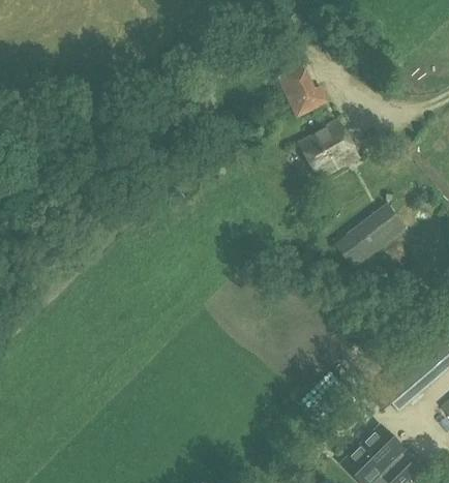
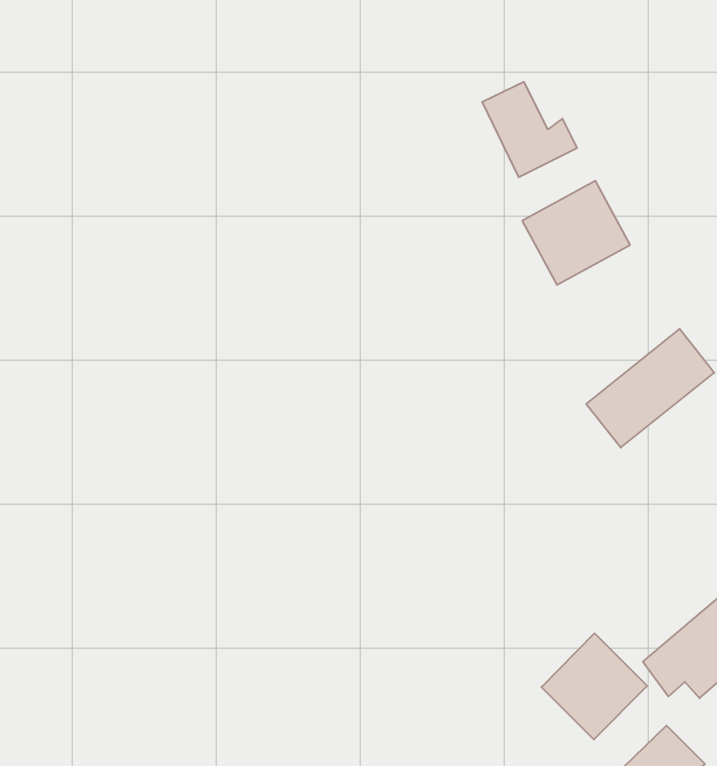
building: none -> [541,633,647,740]

